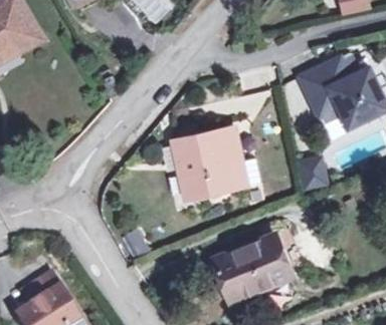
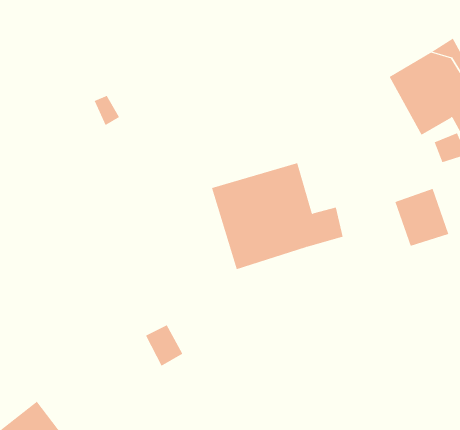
building: [212,235,292,301] -> none

